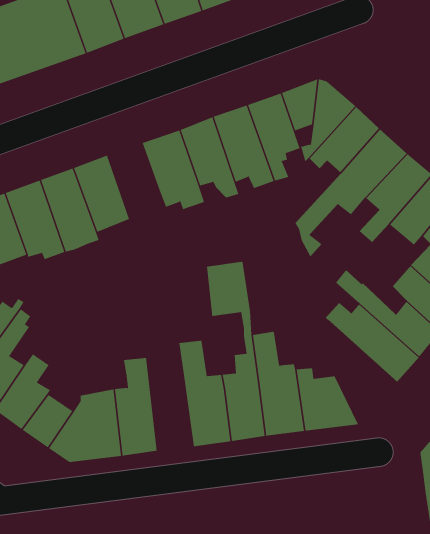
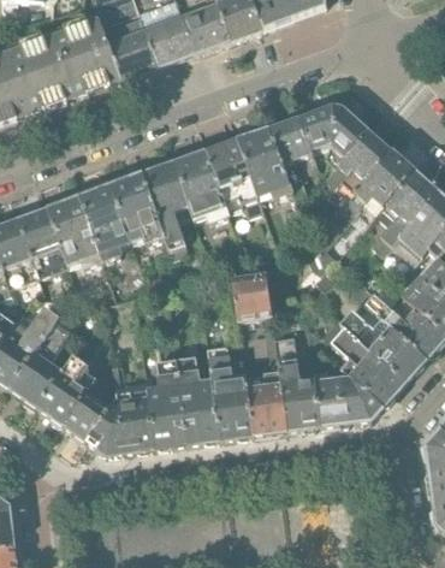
building: none -> [141,161,198,256]
building: none -> [331,325,405,419]
building: none -> [177,354,219,443]

